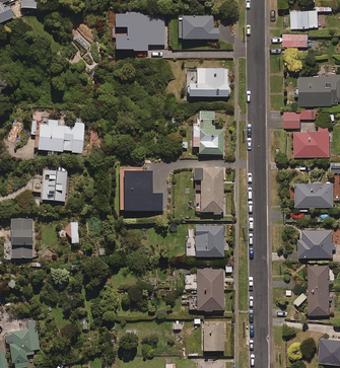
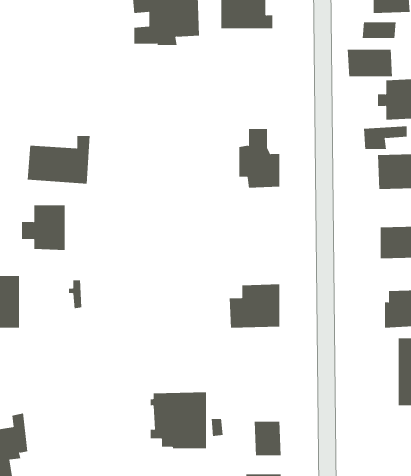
building: none -> [347,49,393,77]
building: [188,67,228,97] -> none
building: [195,168,223,215] -> none
building: [123,171,162,211] -> none
building: [182,269,223,310] -> [150,392,207,449]

